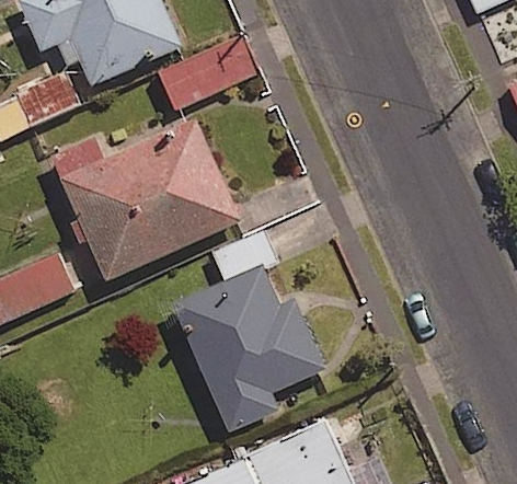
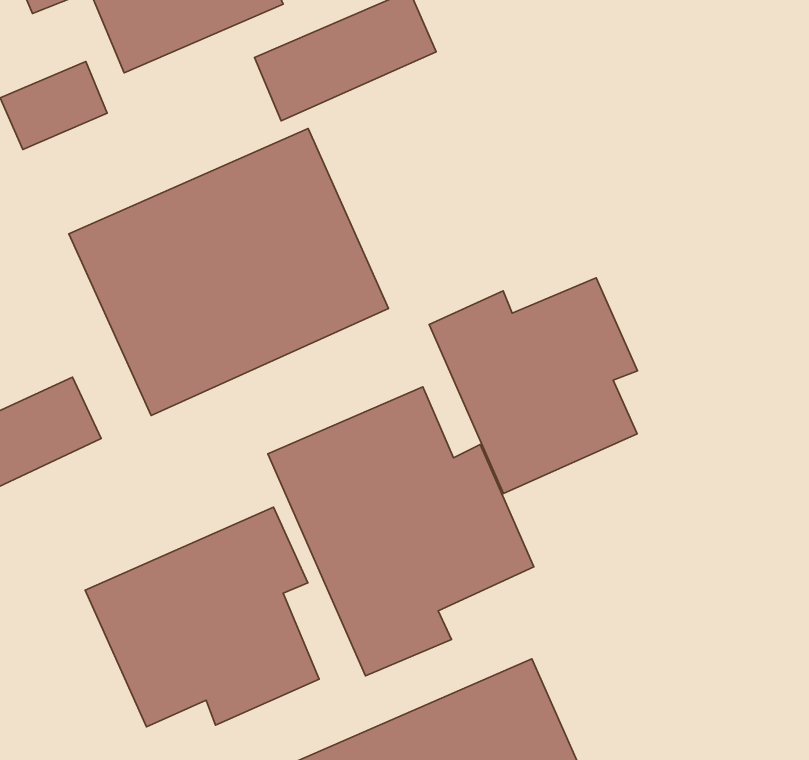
building: none -> [429,278,637,493]
building: none -> [85,507,319,727]

